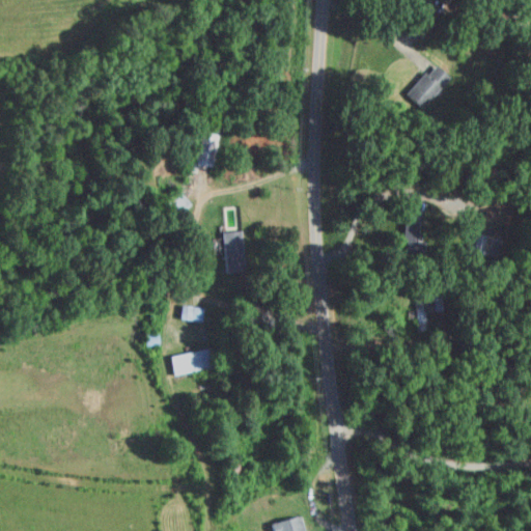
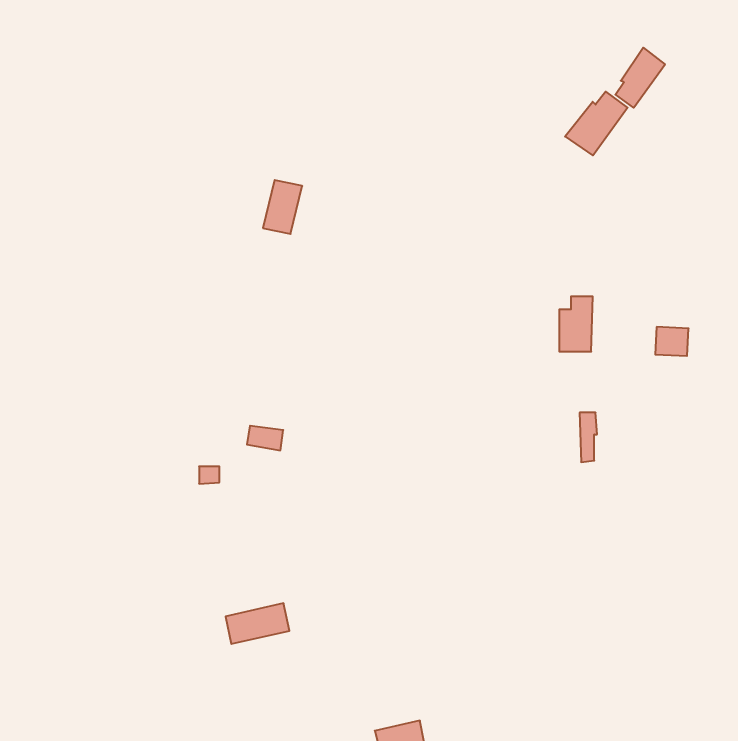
building: none -> [615,48,665,108]
building: [224,231,245,273] -> none
building: [170,347,216,376] -> [226,603,289,644]

